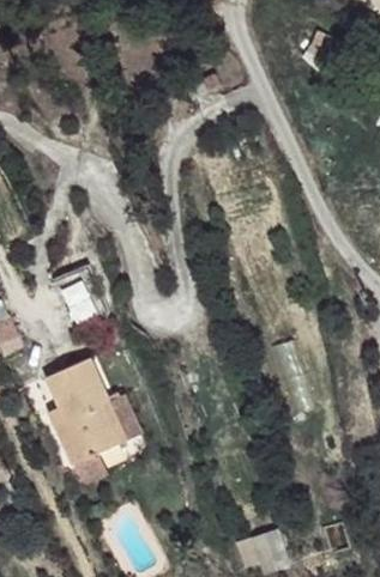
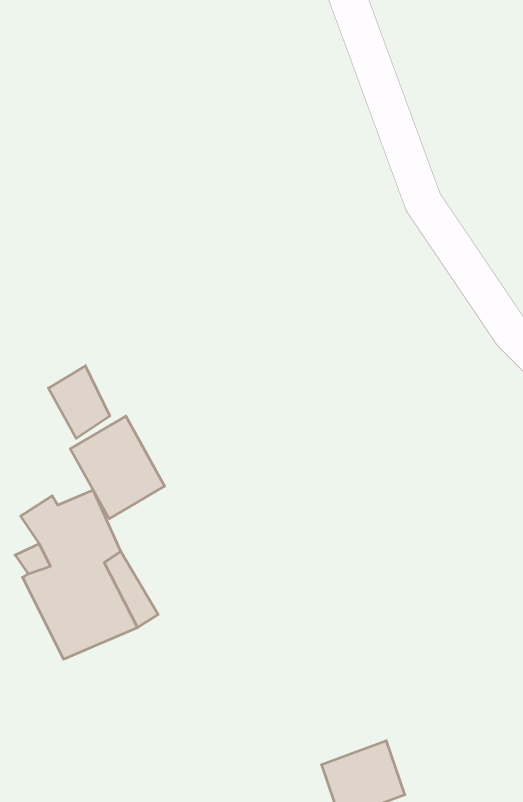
building: none -> [70,416,165,519]

